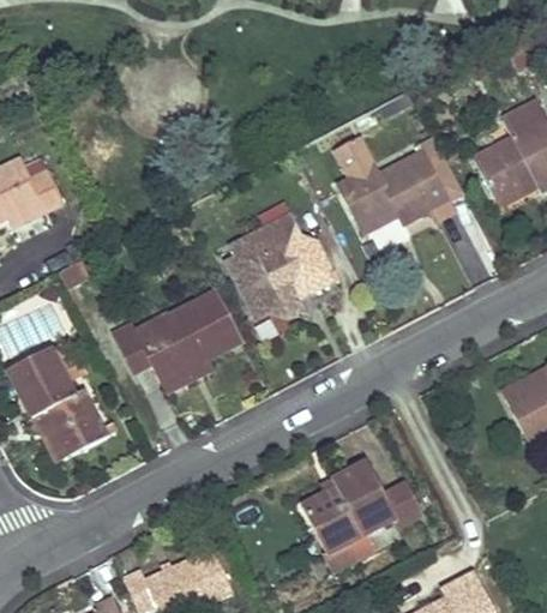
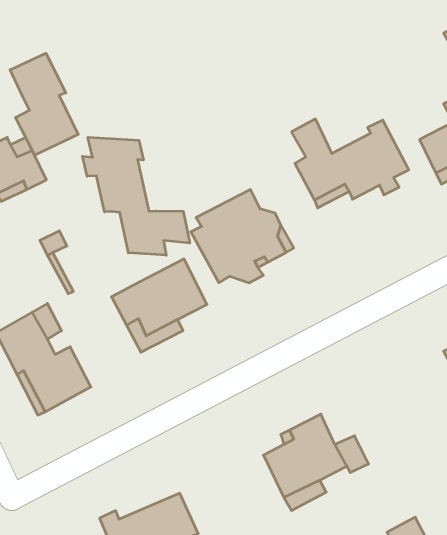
building: none -> [10,53,78,155]
building: none -> [82,137,190,255]
building: [113,306,167,372] -> none

